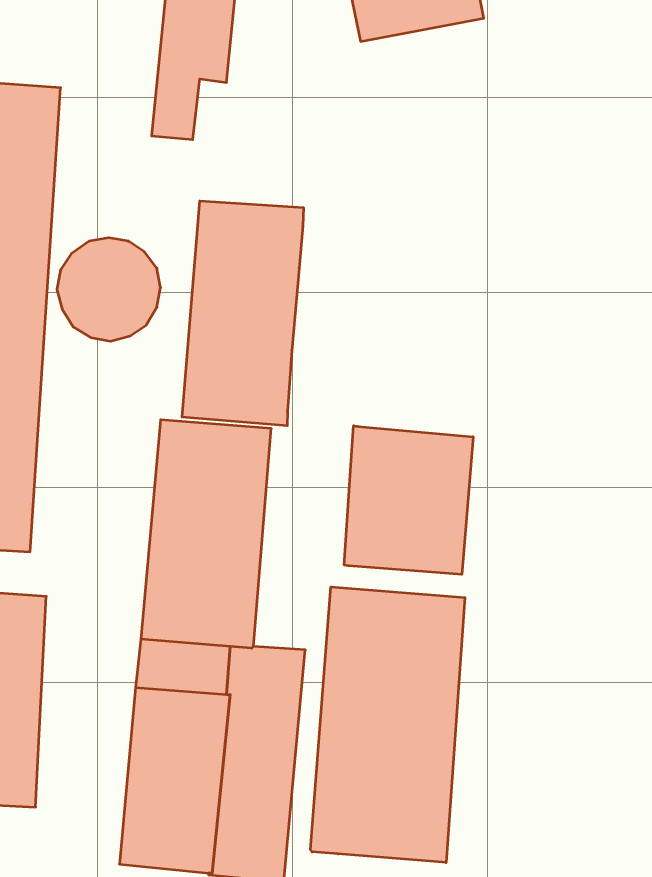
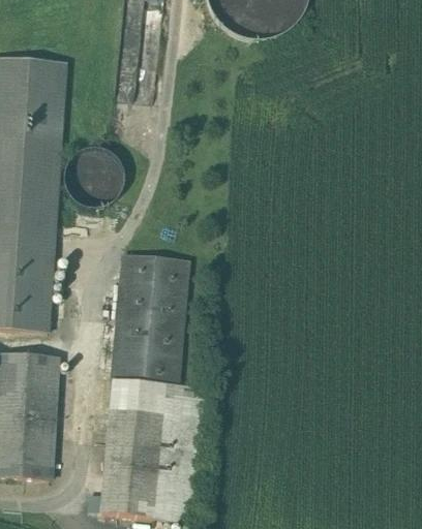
building: [182,201,303,426] -> none
building: [344,426,473,574] -> none
building: [310,587,465,863] -> none

